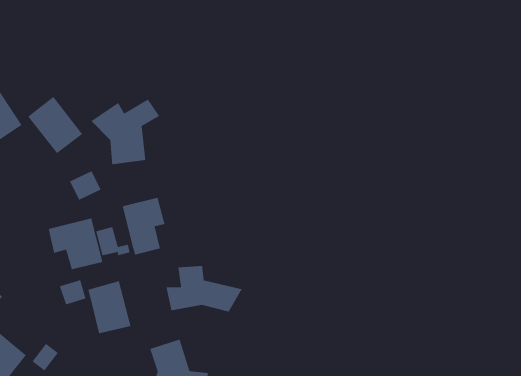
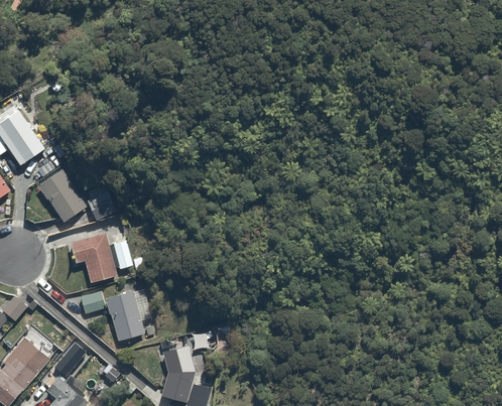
building: [27,96,83,154] -> [36,170,88,224]
building: [90,98,160,165] -> none
building: [122,197,166,256] -> none
building: [166,265,243,312] -> none

